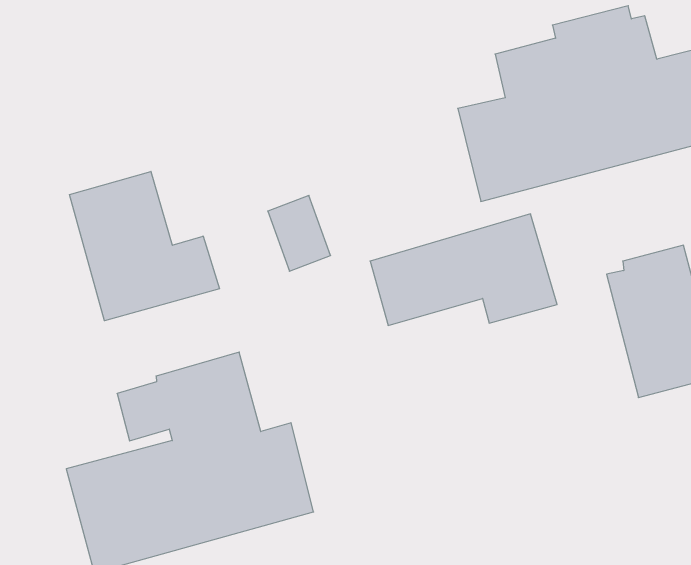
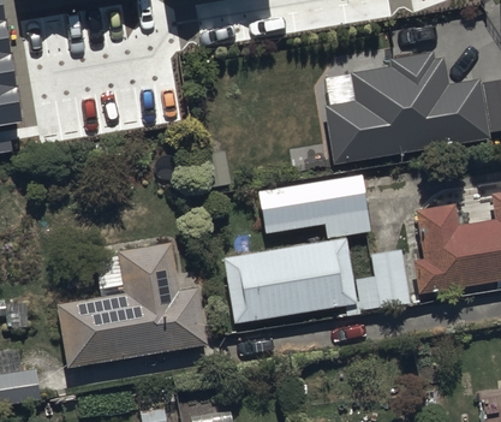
building: [70,171,220,321] -> none
building: none -> [221,237,407,323]

